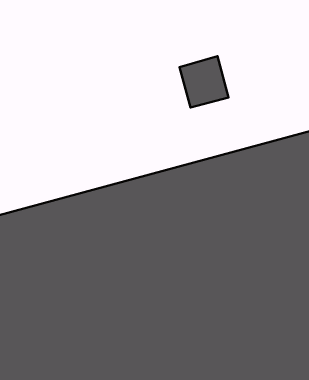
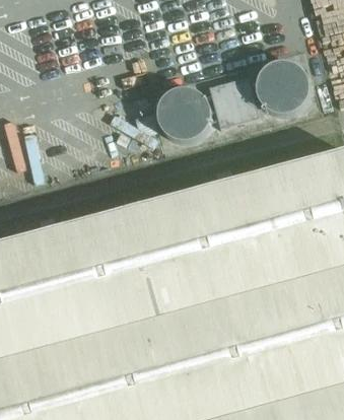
building: none -> [255,59,307,113]
building: none -> [155,86,209,139]

